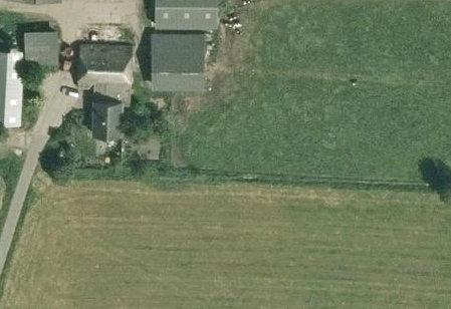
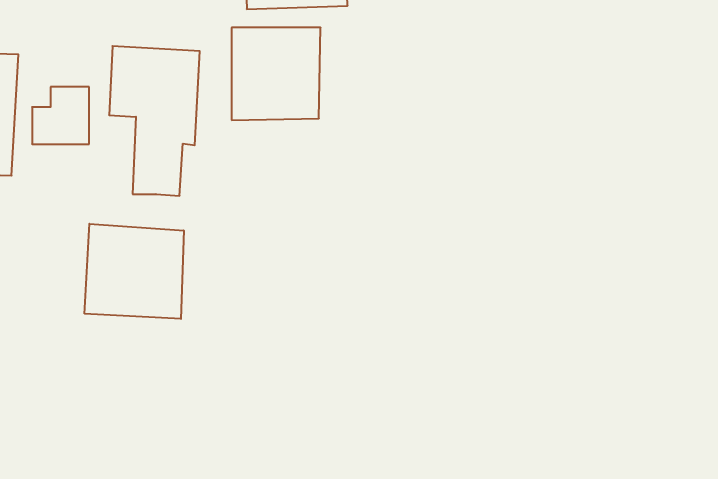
building: [25,31,59,65] -> [32,87,89,144]
building: none -> [85,224,184,319]

